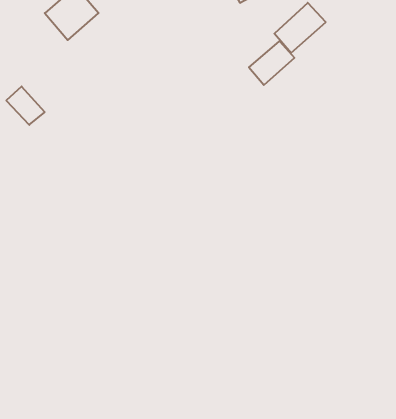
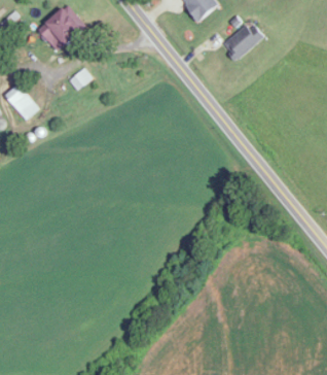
building: [249,41,294,85] -> none

